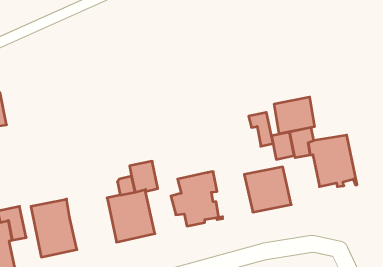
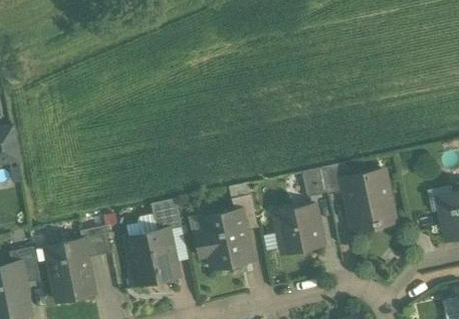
building: [274,97,314,134] -> none
building: [249,112,273,146] -> [231,195,257,231]
building: none -> [79,226,110,258]

